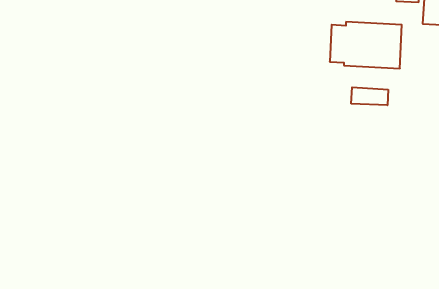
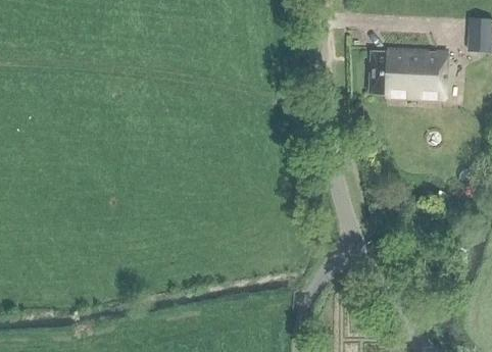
building: [351,87,388,105] -> none

